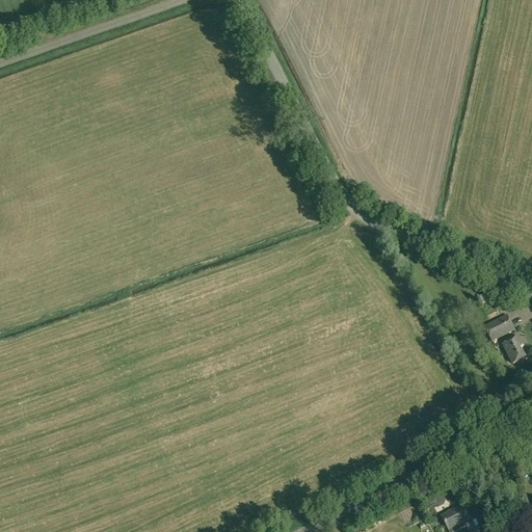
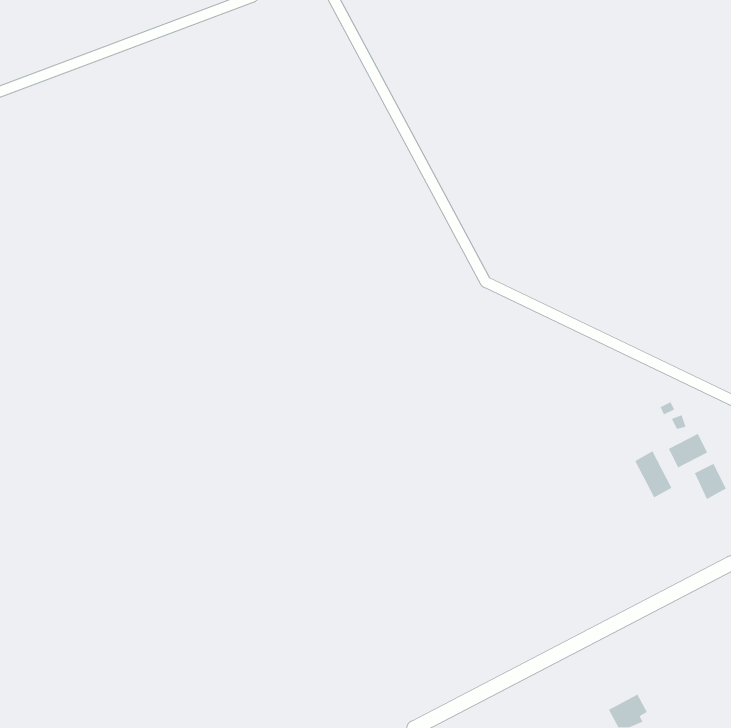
building: none -> [634,450,673,498]

